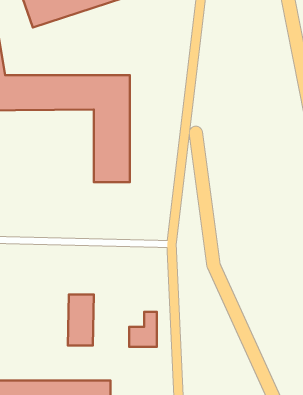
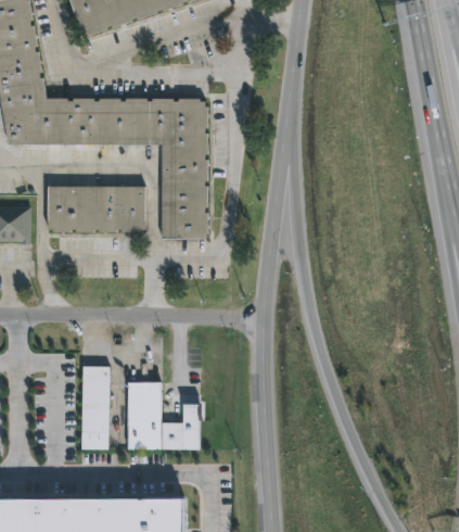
building: none -> [48,188,144,235]
building: none -> [81,369,109,449]
building: [129,312,157,347] -> [163,406,199,452]

